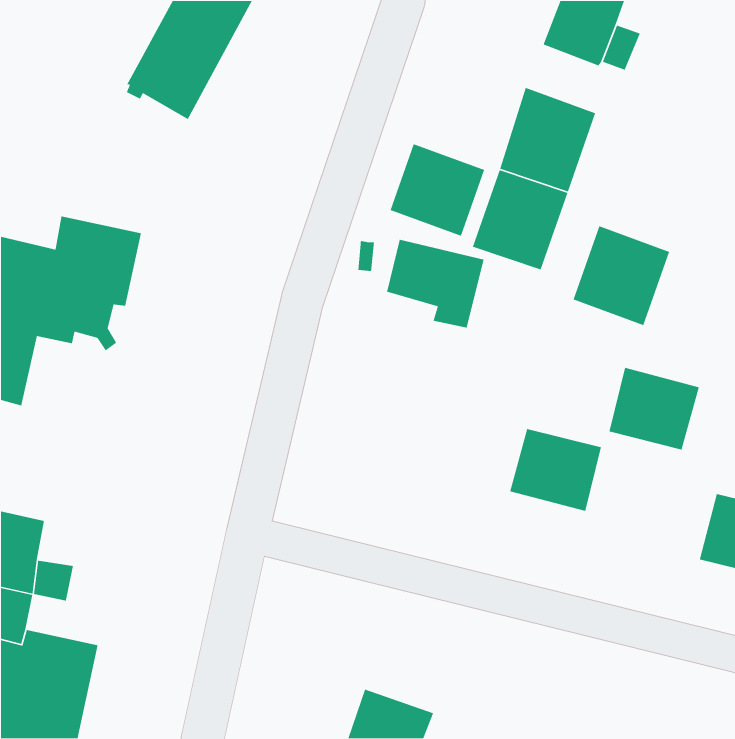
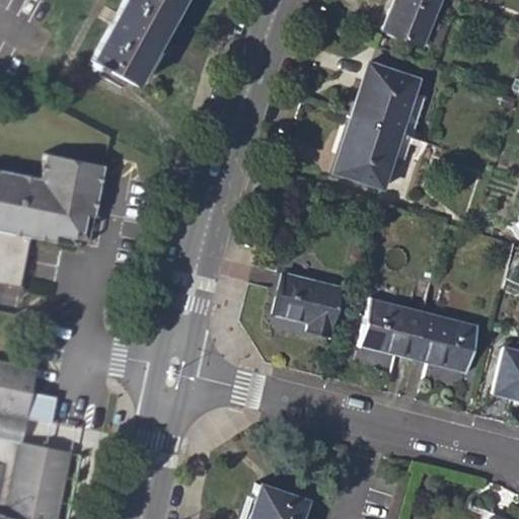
building: [390,143,485,237] -> none
building: [573,225,670,326] -> none
building: [386,239,485,328] -> [274,275,343,338]
building: [609,367,700,451] -> [414,313,477,372]

